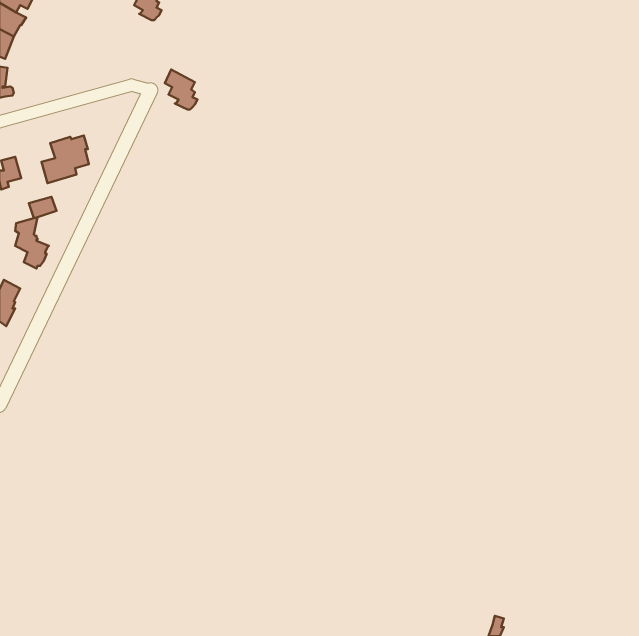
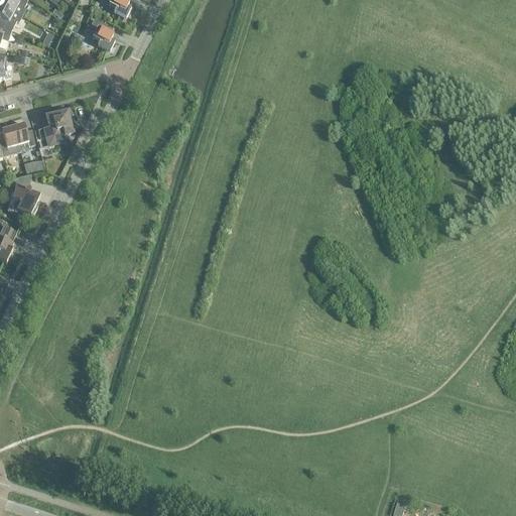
building: [165,70,197,110] -> [88,17,114,49]
building: none -> [12,123,35,149]

